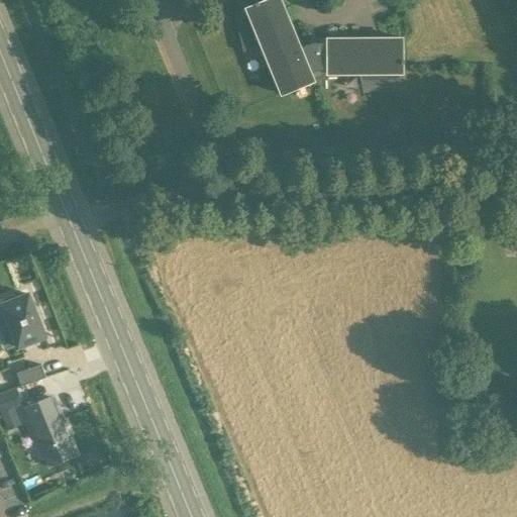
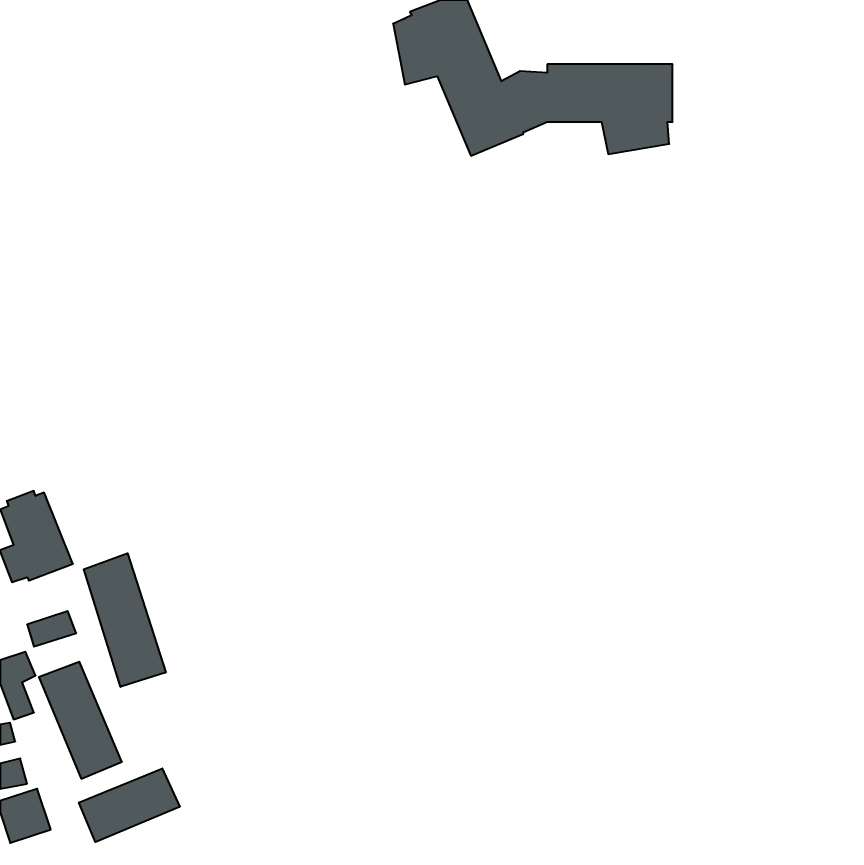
building: none -> [84,553,166,687]
building: none -> [79,768,180,842]

